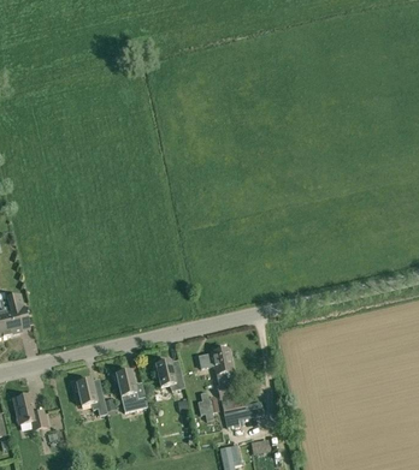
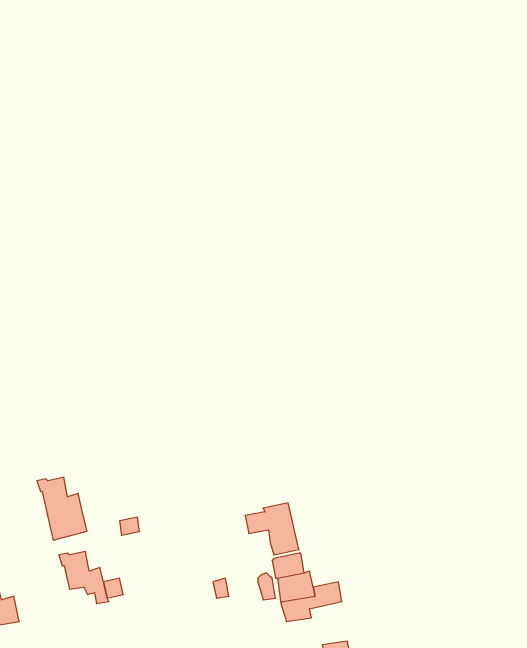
building: [153,359,184,389] -> none
building: [113,369,147,411] -> [37,477,87,540]

